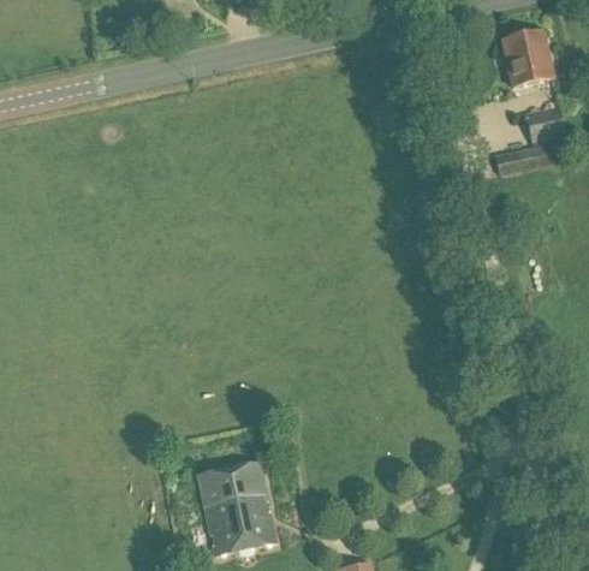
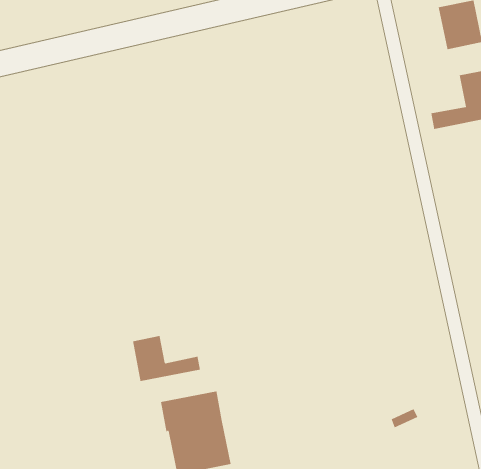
building: none -> [133,335,201,382]

